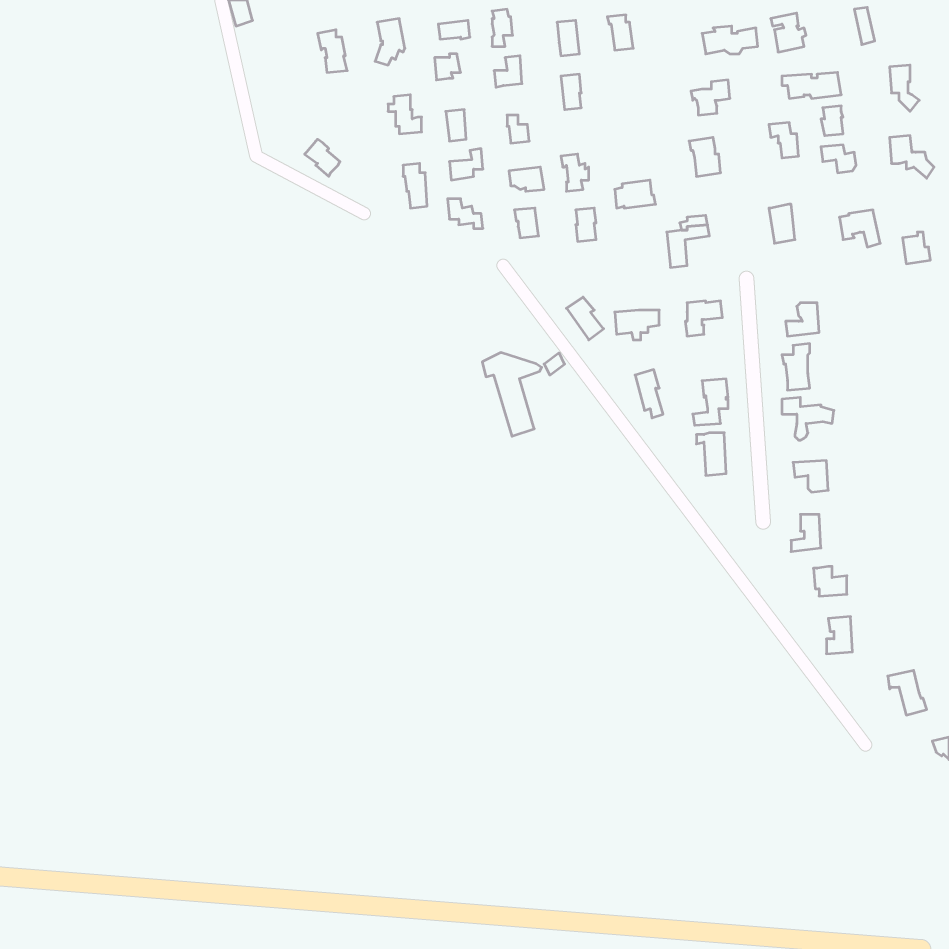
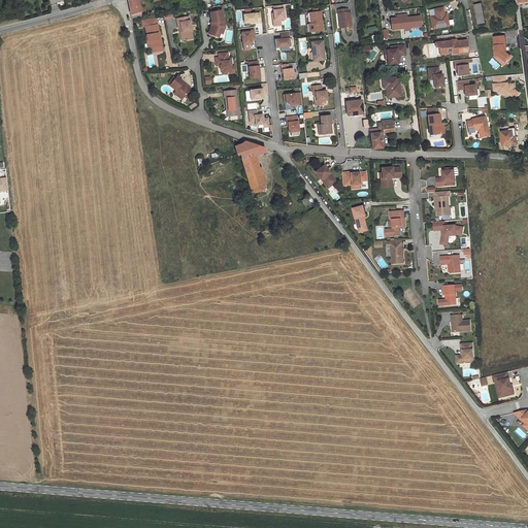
building: none -> [141,18,162,53]
building: [482,353,542,436] -> [234,141,267,188]

